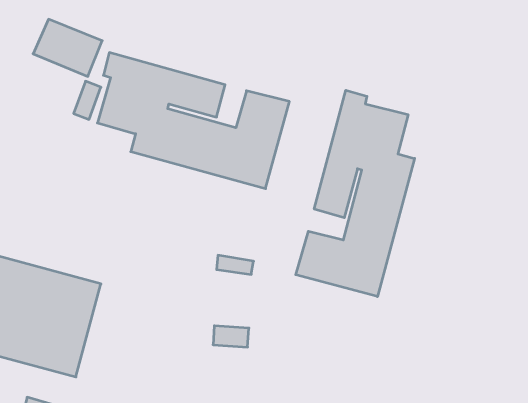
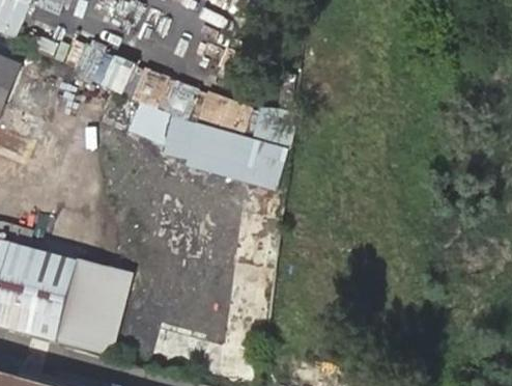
building: [296,90,415,297] -> none

